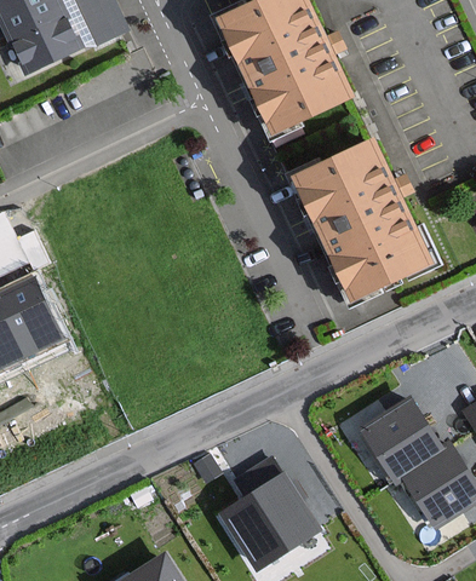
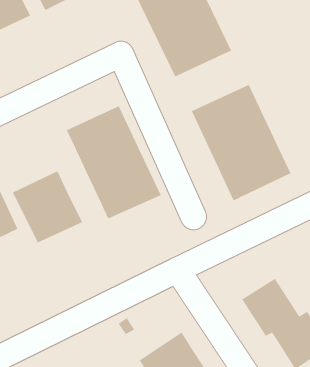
building: none -> [66,105,162,220]
building: none -> [12,170,83,244]

